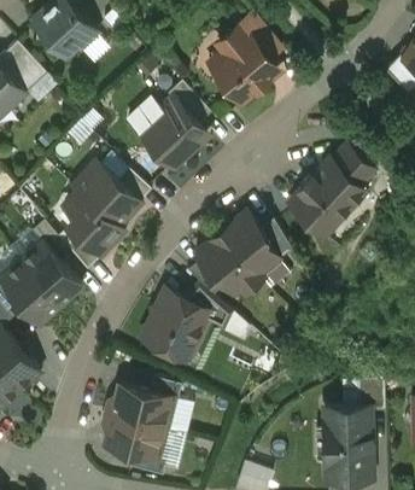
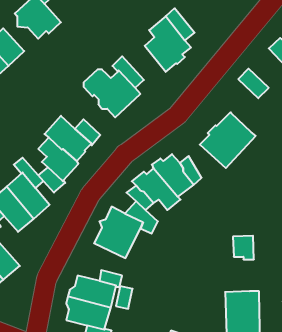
building: [332,145,374,186] -> [238,69,269,98]
building: [356,377,385,409] -> [233,236,254,259]

